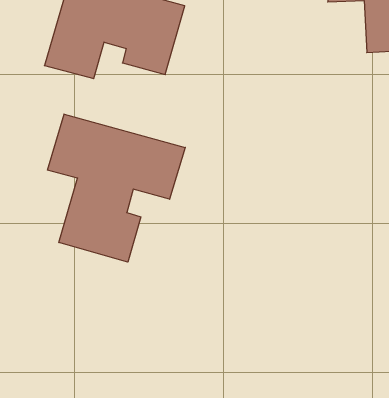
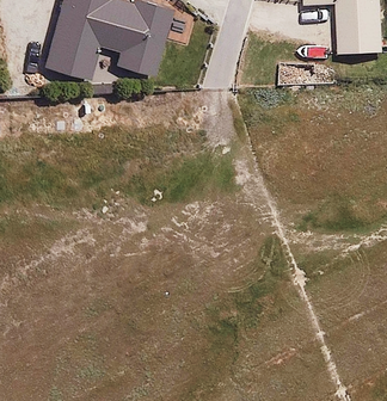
building: [47,114,185,262] -> none

